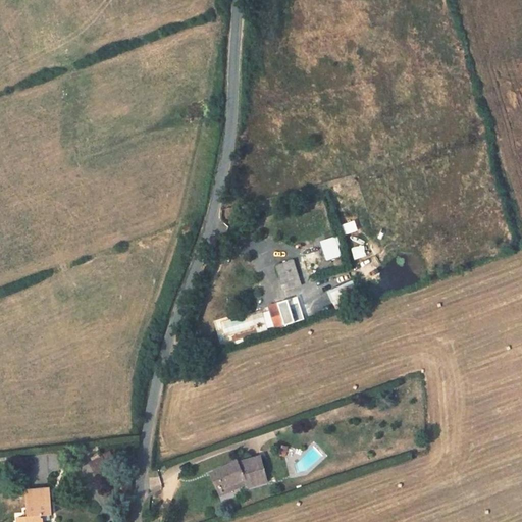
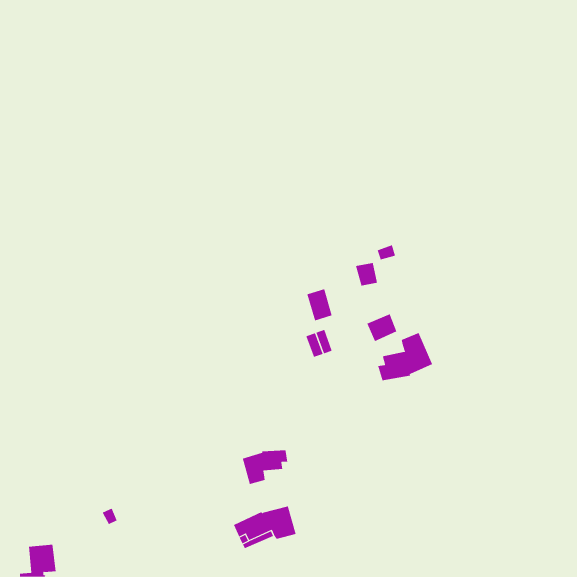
building: none -> [378,332,433,381]
building: none -> [242,450,288,485]

